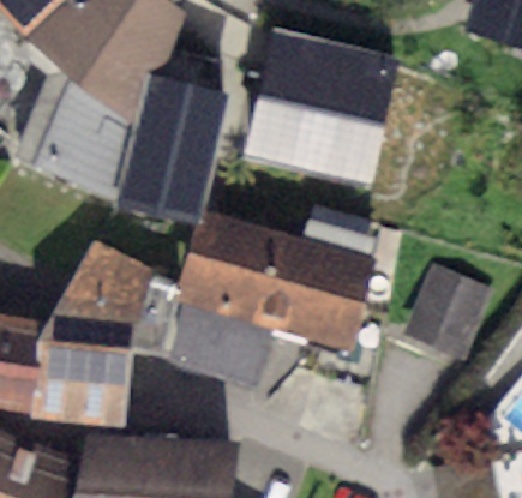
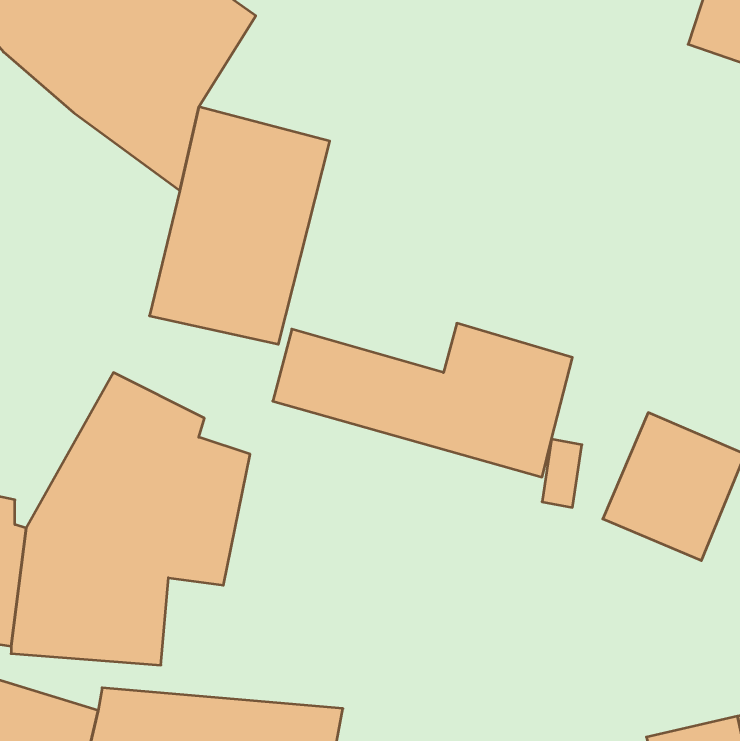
building: [242,28,400,186] -> none
building: [29,73,134,202] -> none
building: [168,256,364,394] -> none

